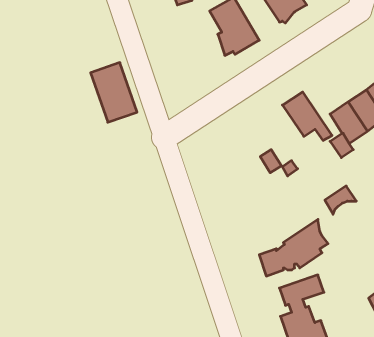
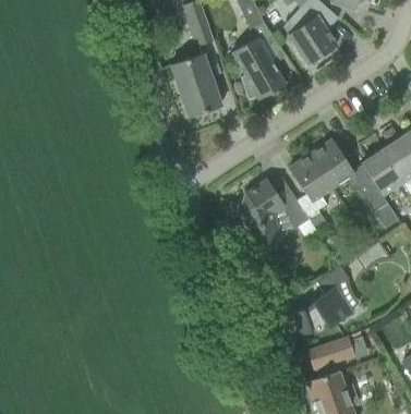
building: [91,63,137,122] -> [171,53,221,118]
building: none -> [289,154,334,211]
building: none -> [240,179,285,247]

